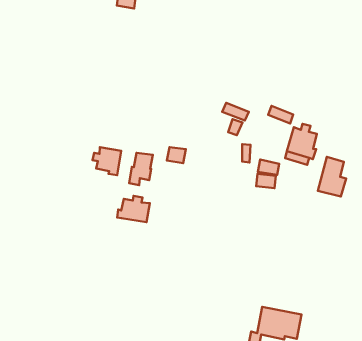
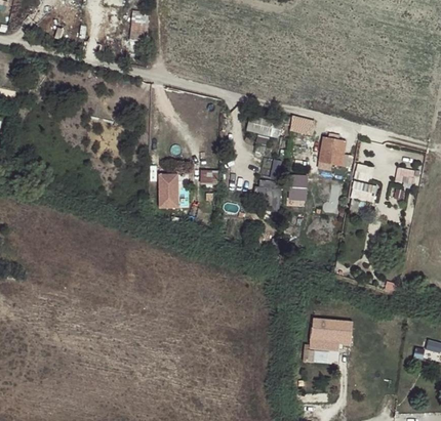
building: [93,147,121,175] -> none
building: [117,196,150,222] -> none

